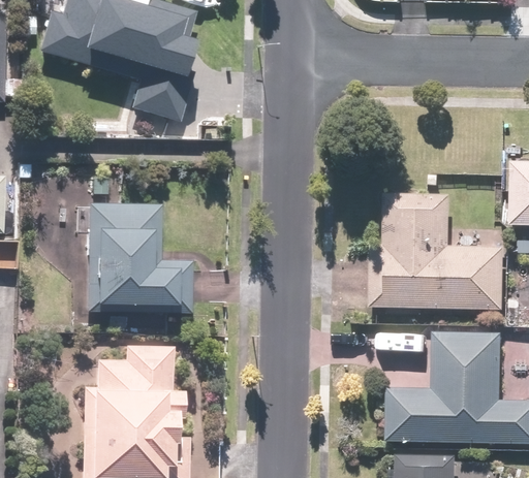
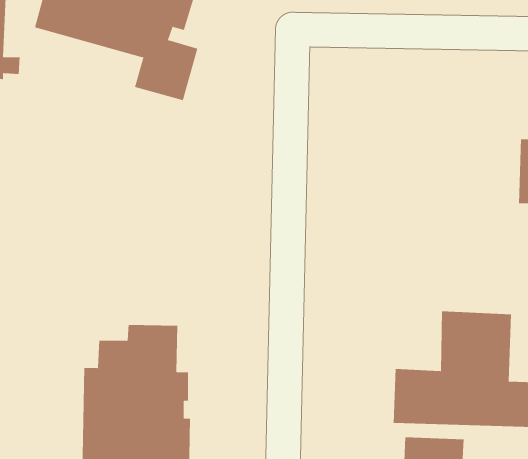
building: [370,191,504,312] -> none
building: [87,204,191,310] -> none

